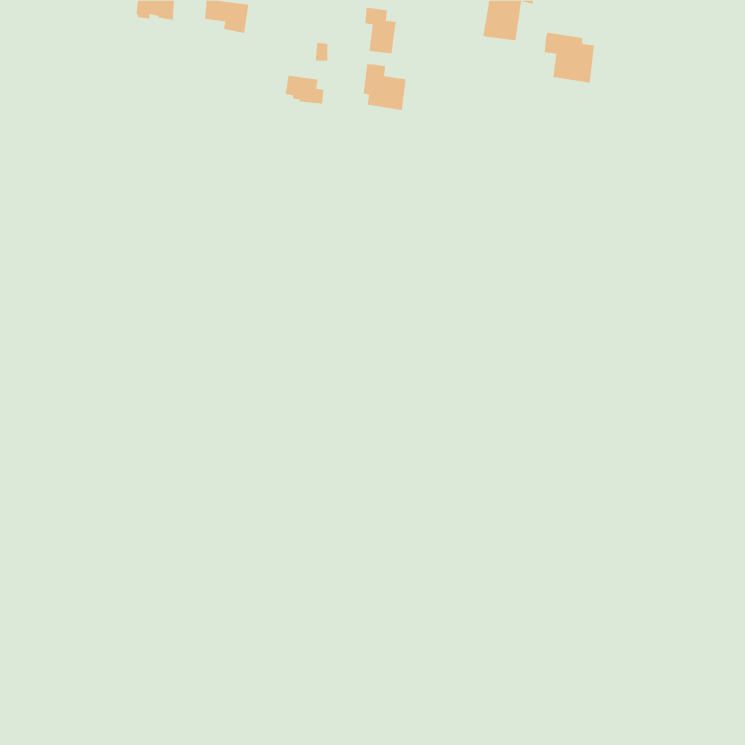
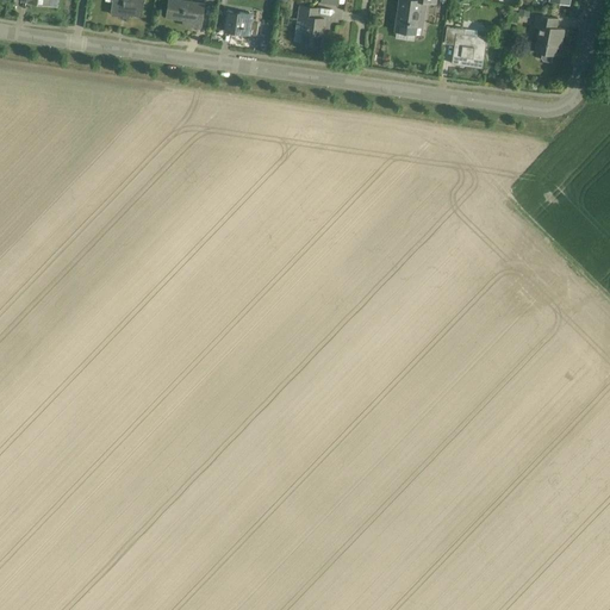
building: none -> [533,14,565,62]
building: [363,63,406,111] -> none
building: [285,75,324,104] -> [225,11,257,35]

